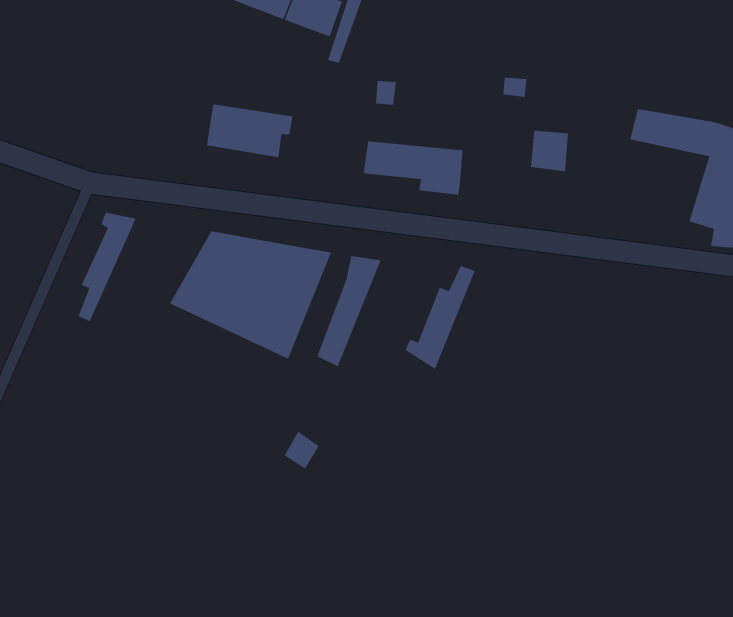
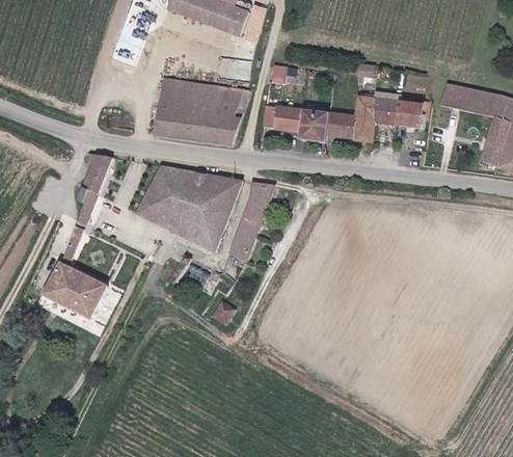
building: none -> [154,88,247,146]
building: none -> [329,96,378,142]
building: none -> [400,100,427,128]
building: [405,265,475,370] -> none
building: none -> [42,225,106,319]

